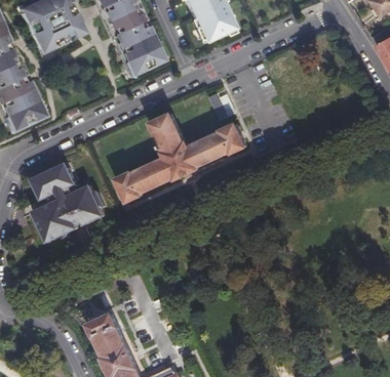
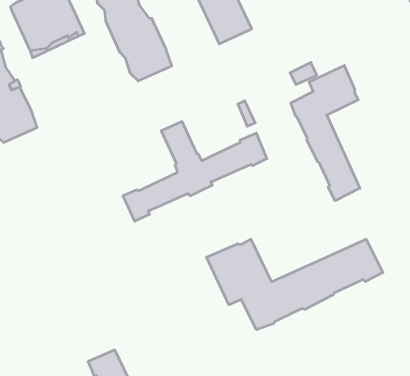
building: none -> [291,65,360,201]
building: [35,164,106,241] -> none
building: none -> [207,239,383,330]

